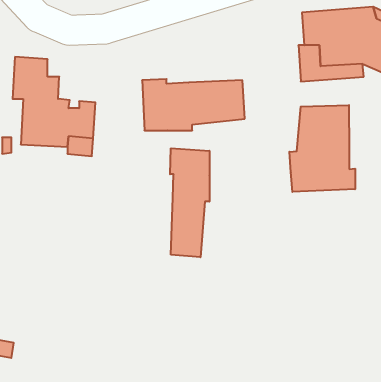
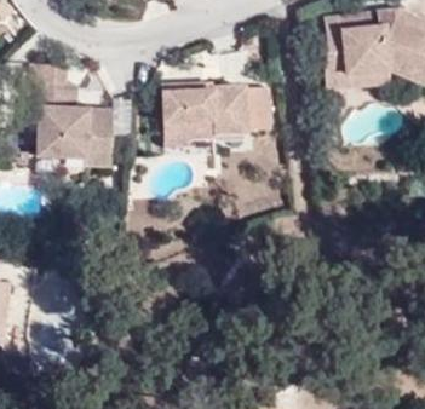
building: [289,105,355,192] -> none
building: [170,148,209,257] -> none

